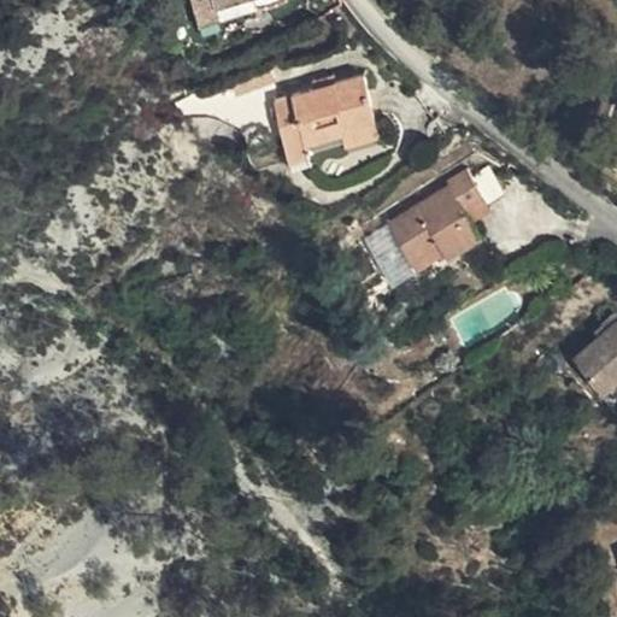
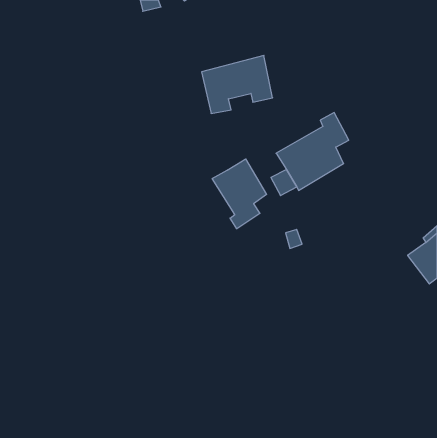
building: none -> [212,159,267,229]

